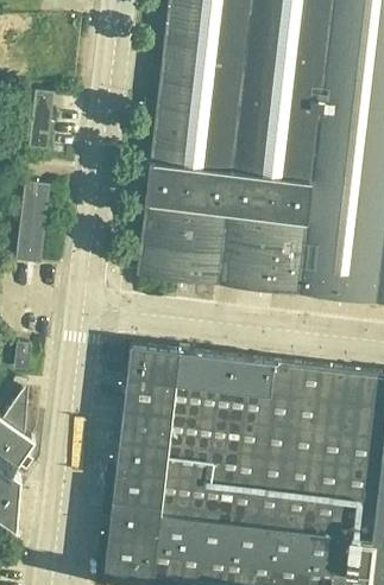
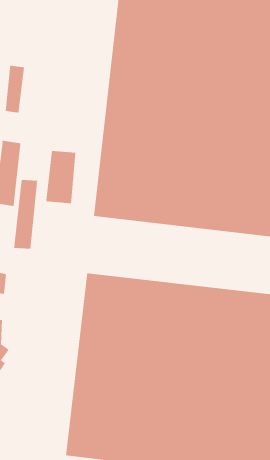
building: none -> [45,150,77,204]
building: none -> [13,179,38,250]

